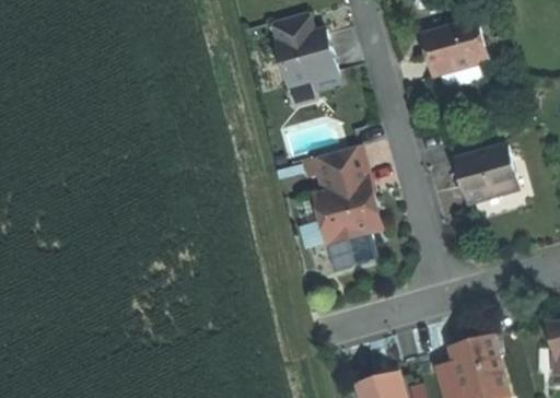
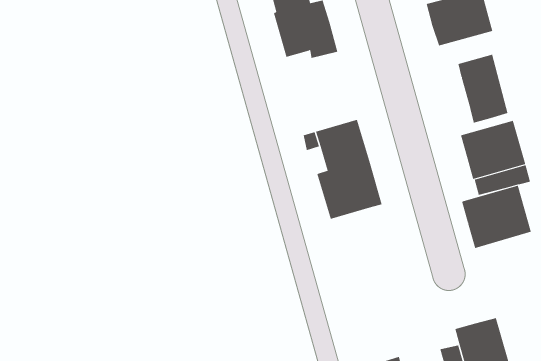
building: none -> [458,54,508,123]
building: none -> [461,185,532,249]
building: [330,230,376,268] -> none

